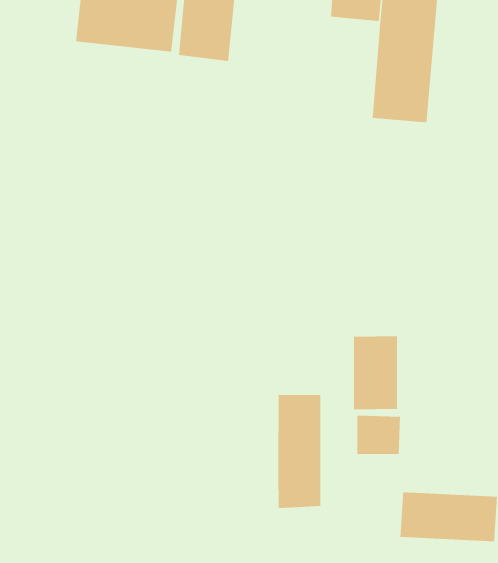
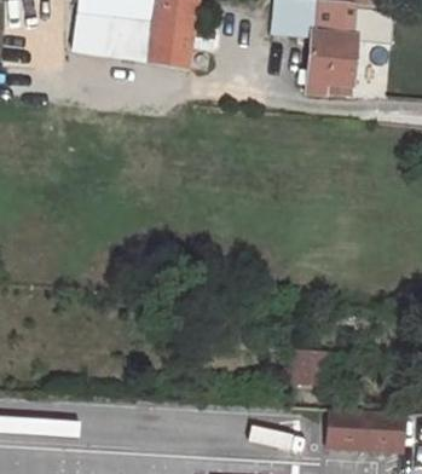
building: [353,336,398,410] -> none
building: [277,394,321,509] -> none

